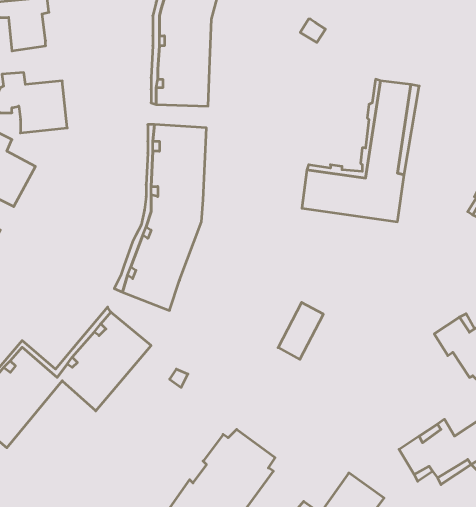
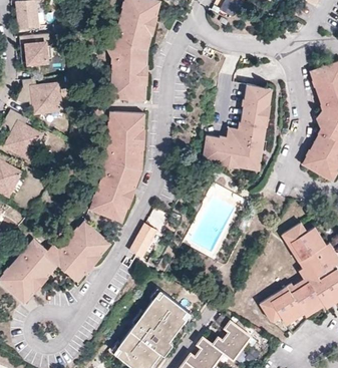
building: [278,302,323,359] -> [130,223,157,257]

